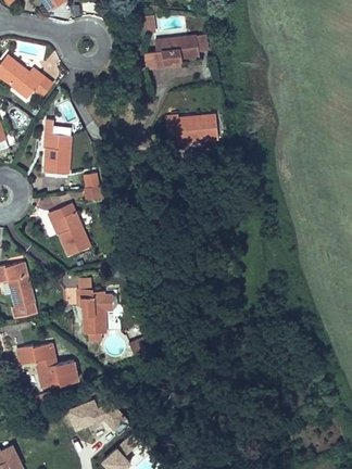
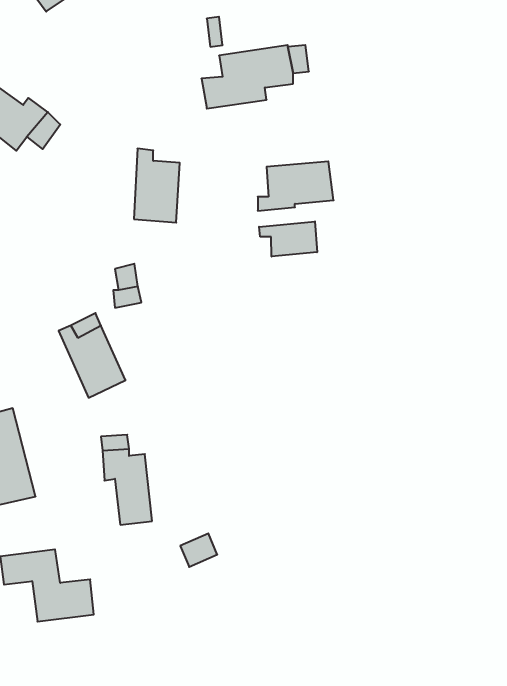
building: [45,124,73,169] -> [134,149,180,223]
building: none -> [259,221,317,257]

